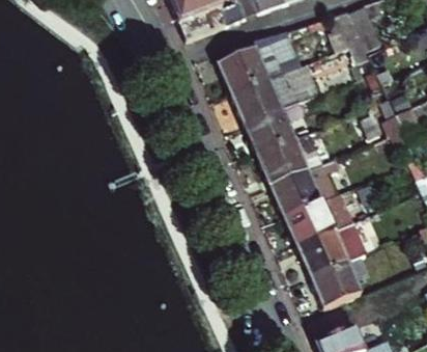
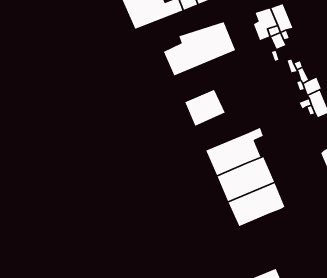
building: [233,64,323,127] -> none
building: [258,133,322,185] -> none
building: [311,256,368,308] -> none

